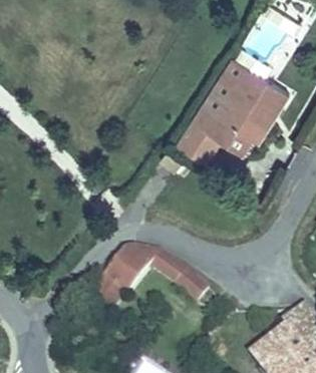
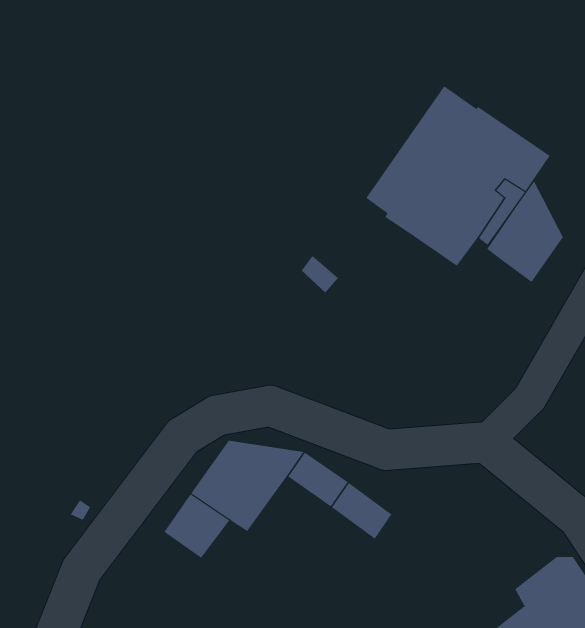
building: none -> [486,181,563,283]
building: [178,118,220,160] -> none

